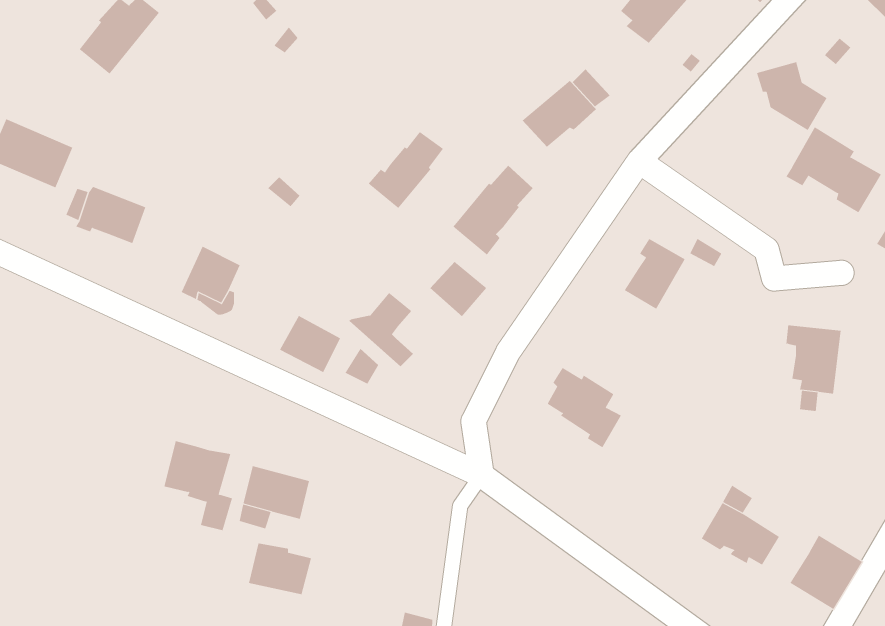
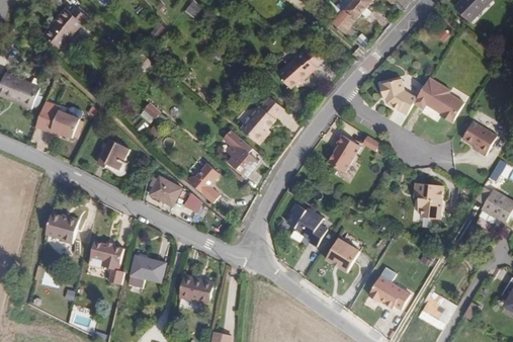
building: [756,61,828,131] -> [380,78,418,114]
building: [368,131,444,209] -> none
building: none -> [46,212,79,243]
building: none -> [329,236,362,269]
building: [248,543,312,595] -> [179,275,212,303]

